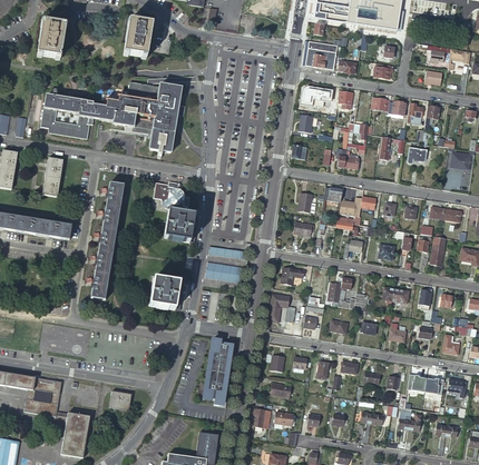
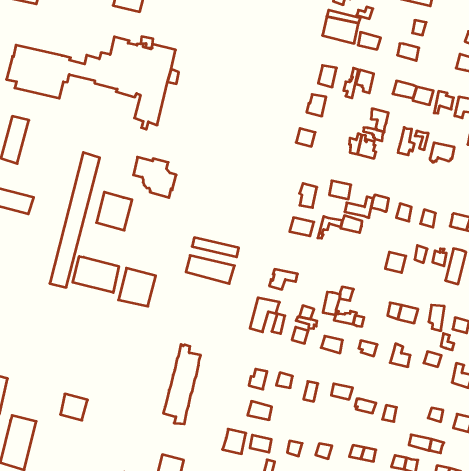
building: [166,211,195,243] -> [96,192,132,230]
building: none -> [73,256,119,293]

